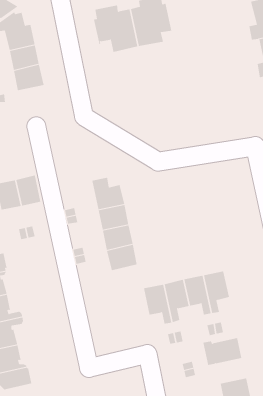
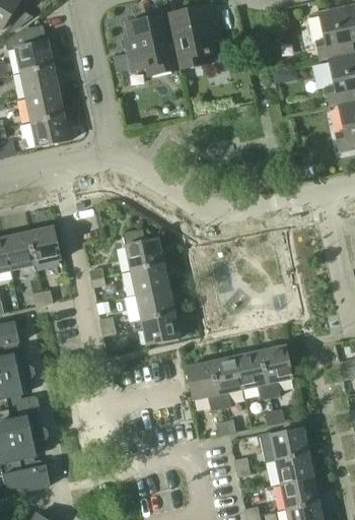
building: none -> [30,115,69,146]
building: none -> [275,452,313,483]

